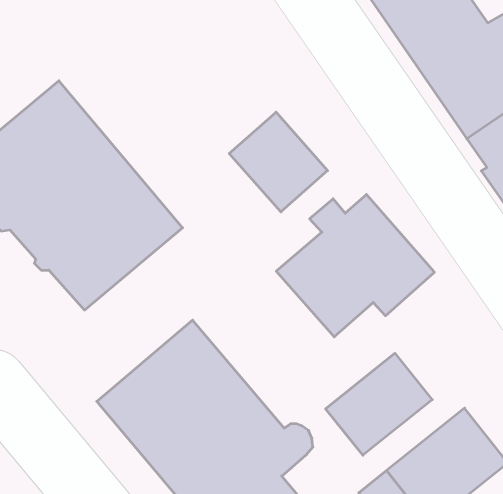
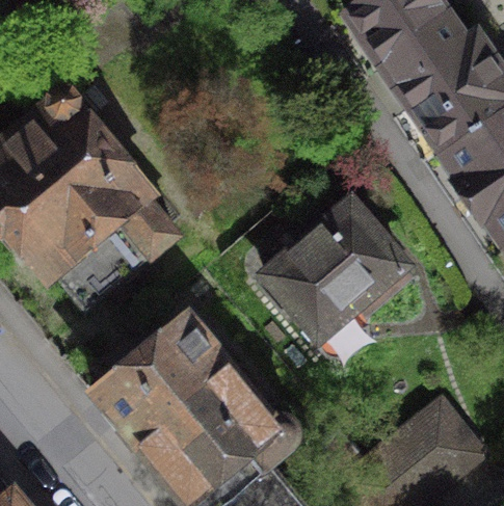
building: [229,112,328,212] -> none
building: [326,353,432,455] -> none

